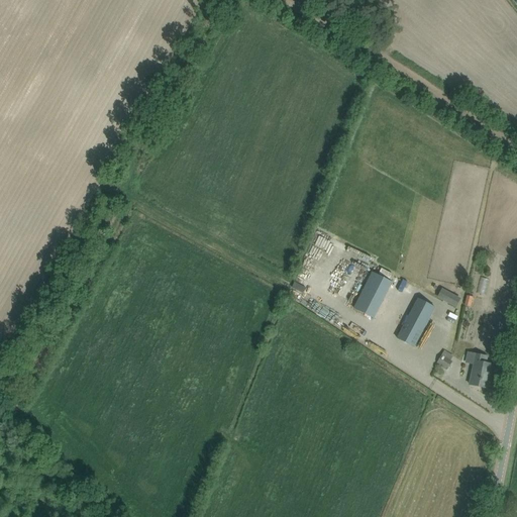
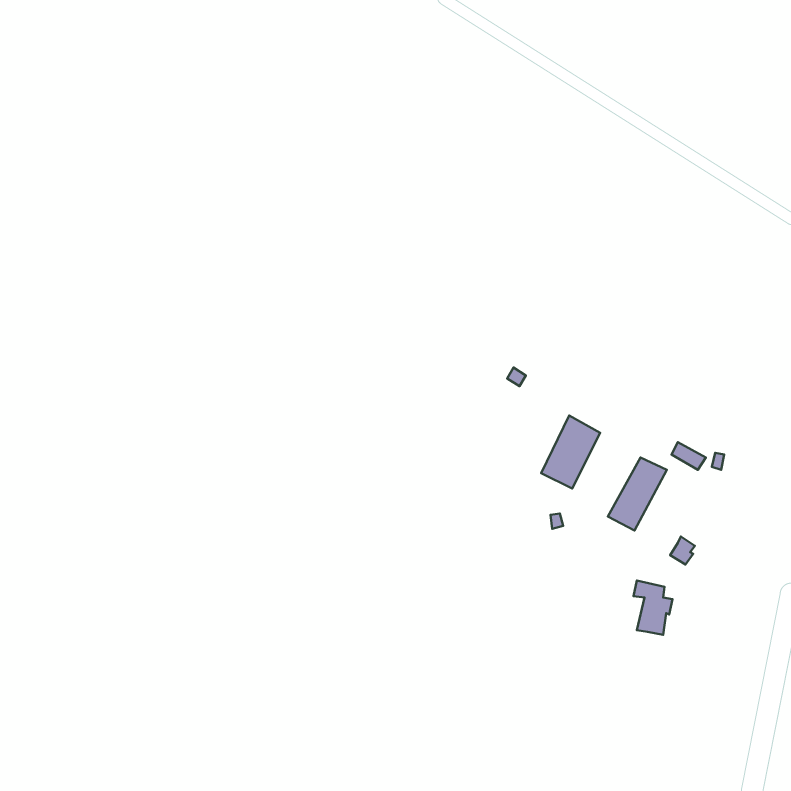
building: [466,351,491,387] -> [634,581,672,635]

